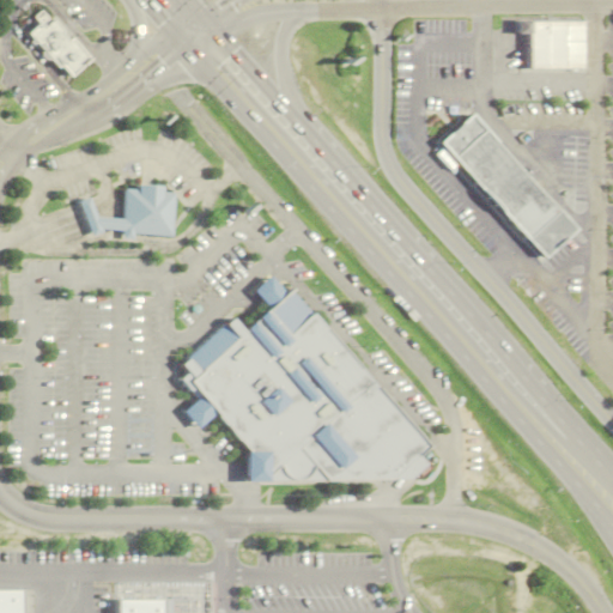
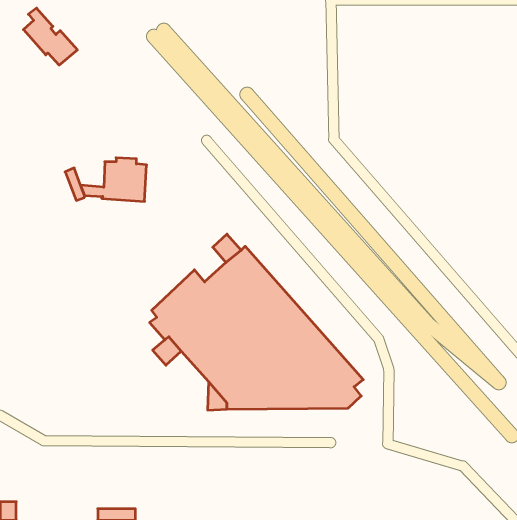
building: [442,113,578,257] -> none

